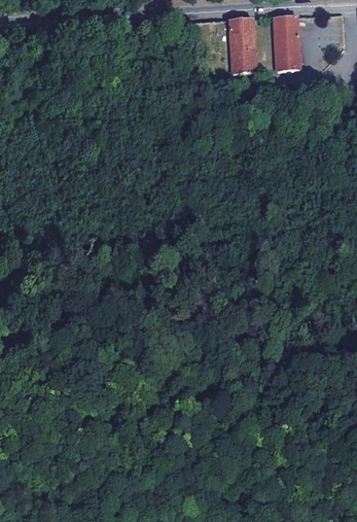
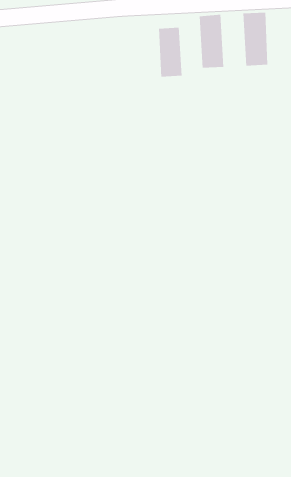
building: none -> [159,27,182,78]

